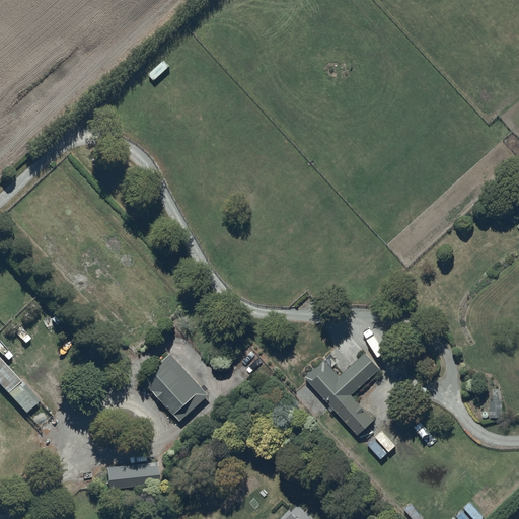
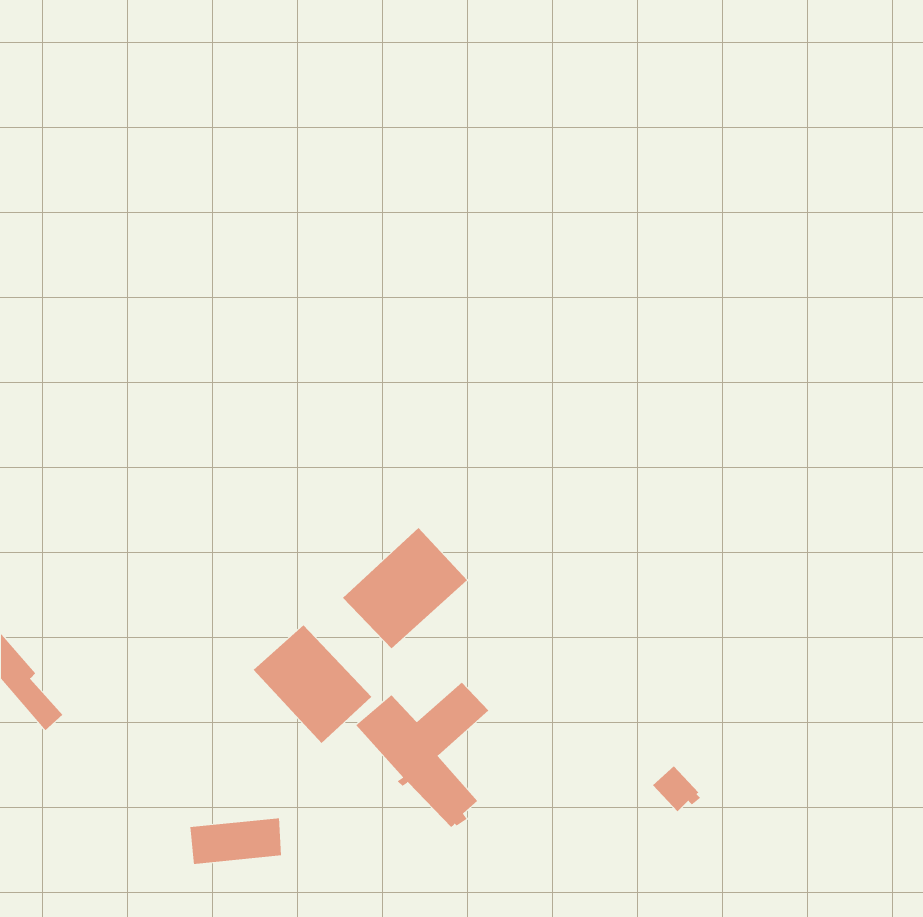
building: none -> [342,527,468,649]
building: [304,353,379,435] -> [355,682,489,828]

